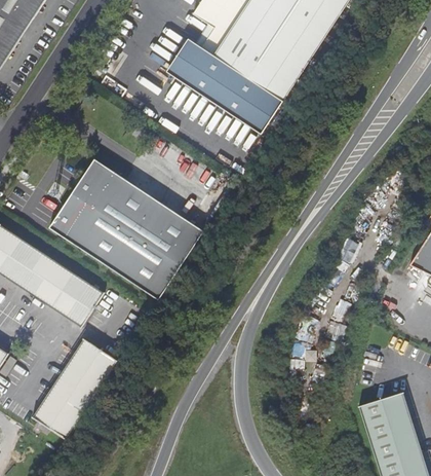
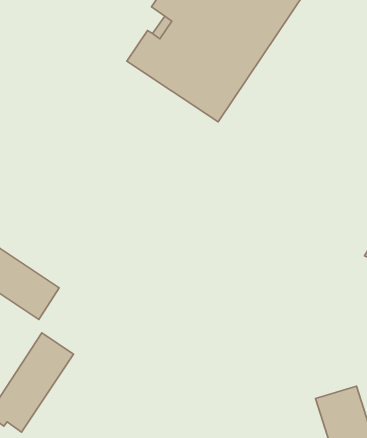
building: [50,157,204,298] -> none

